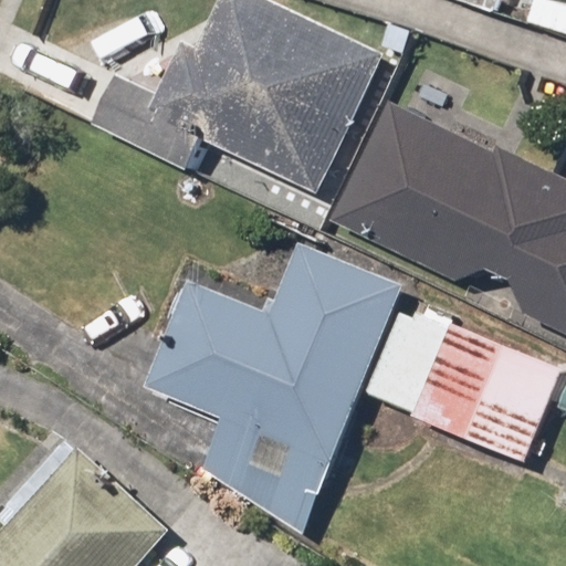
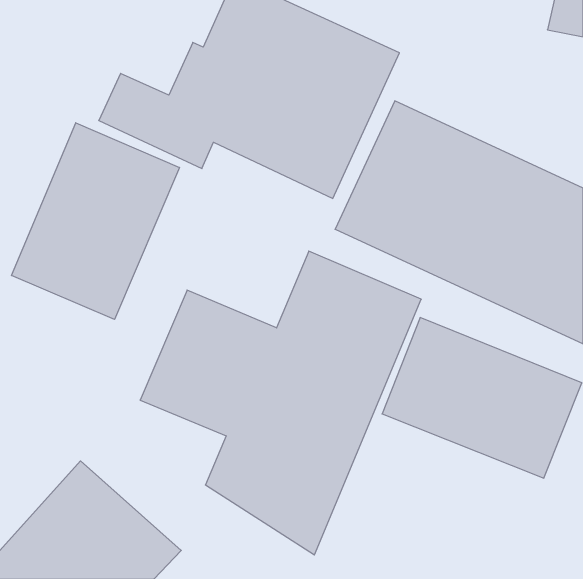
building: none -> [12,123,179,319]

